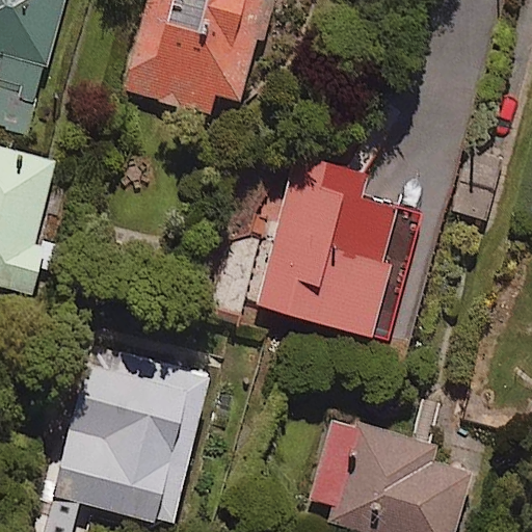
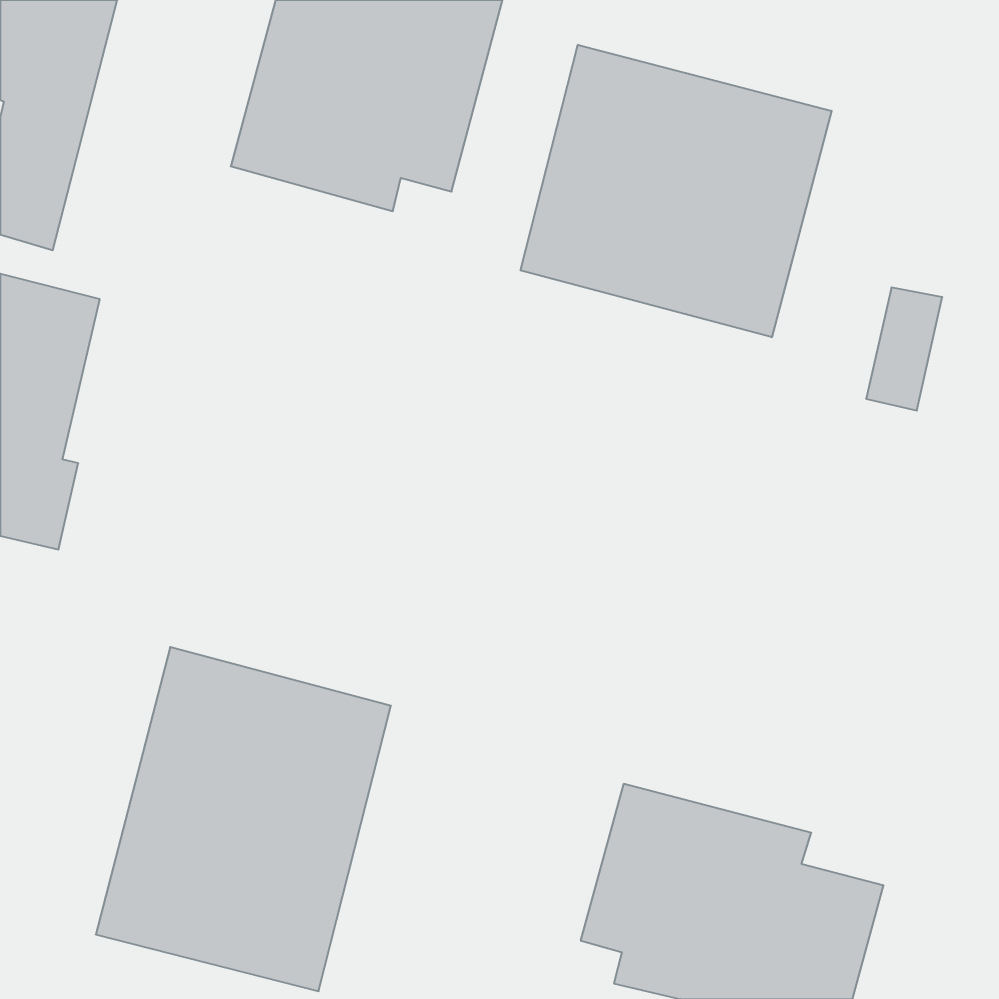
building: none -> [521,45,832,337]
building: [255,154,421,341] -> none

